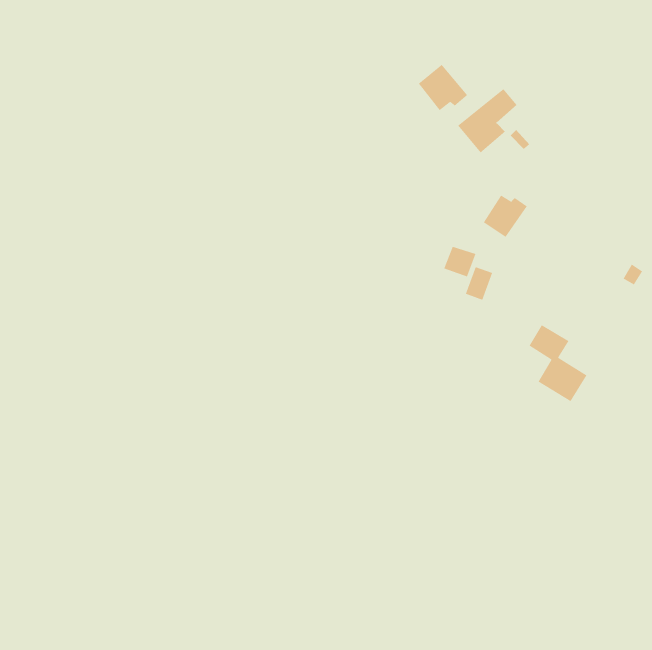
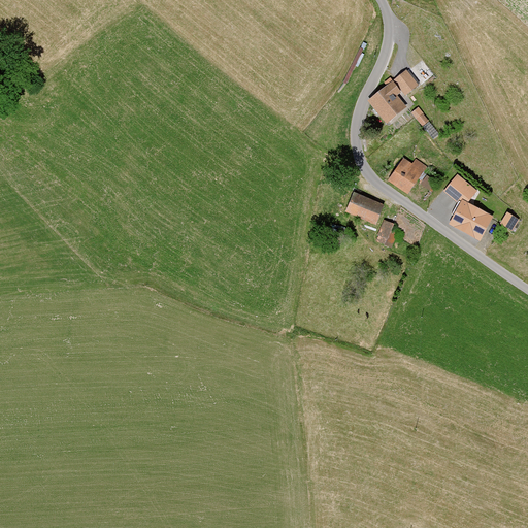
building: [418,64,468,111] -> none
building: [529,324,588,402] -> [444,174,492,237]

